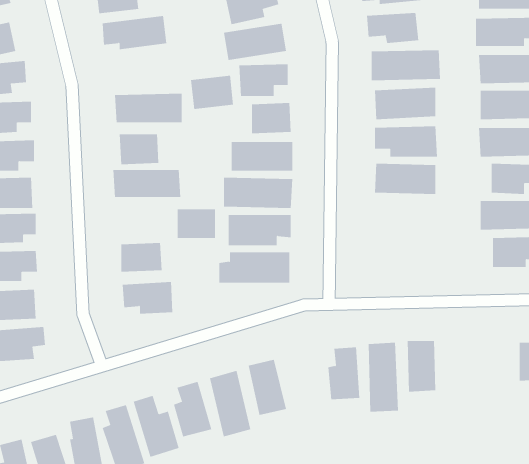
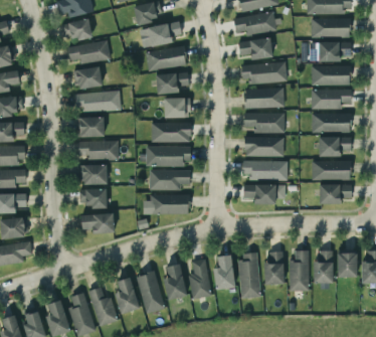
building: [190,75,234,109] -> [73,67,102,90]
building: none -> [242,161,288,179]
building: [177,209,216,238] -> [81,165,107,184]
building: none -> [242,184,285,205]
building: none -> [289,250,309,291]
building: none -> [313,250,333,283]
building: none -> [188,259,211,299]

